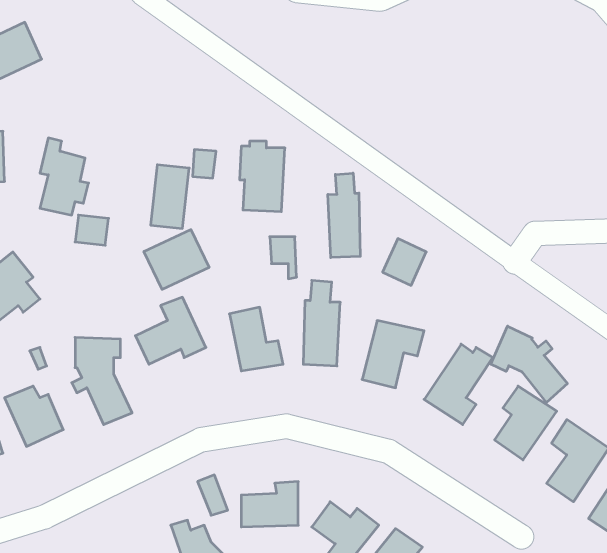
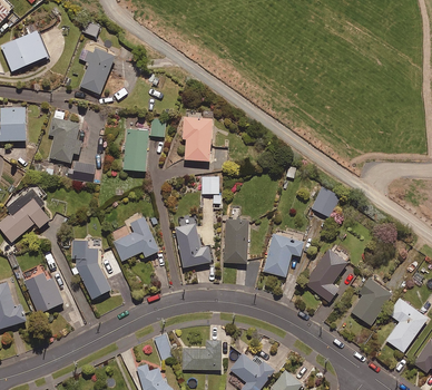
building: none -> [80,45,115,94]
building: [328,173,360,258] -> none
building: [144,230,209,289] -> none
building: [383,239,426,285] -> [311,186,340,217]
building: [491,326,567,402] -> none

